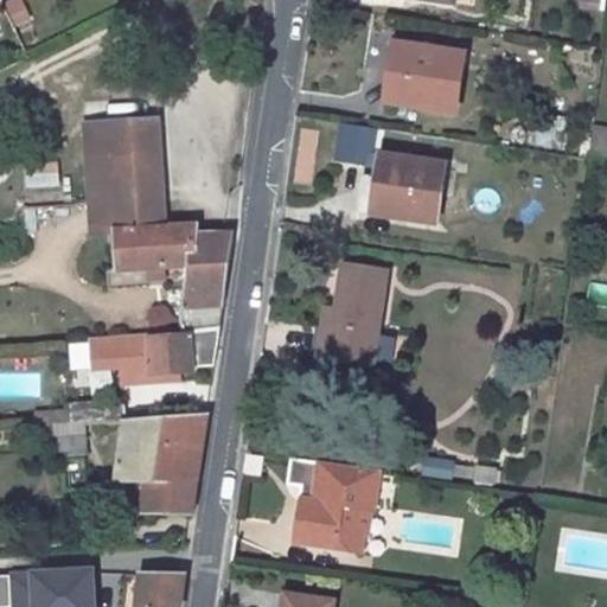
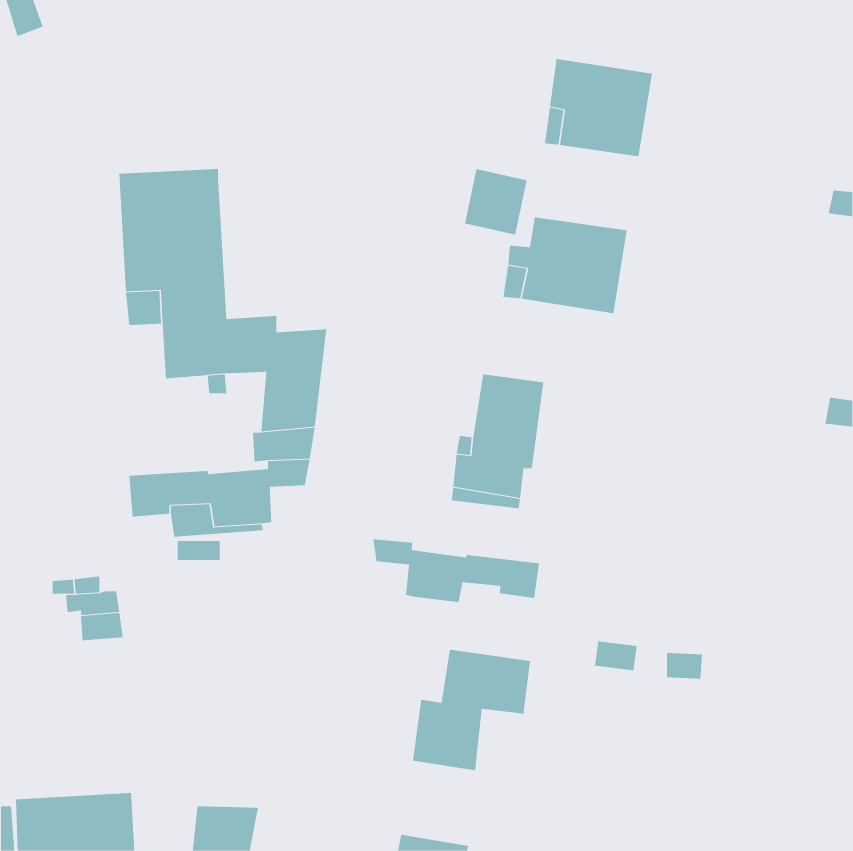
building: none -> [373,538,539,603]
building: [117,414,206,512] -> none
building: [338,504,372,550] -> none

